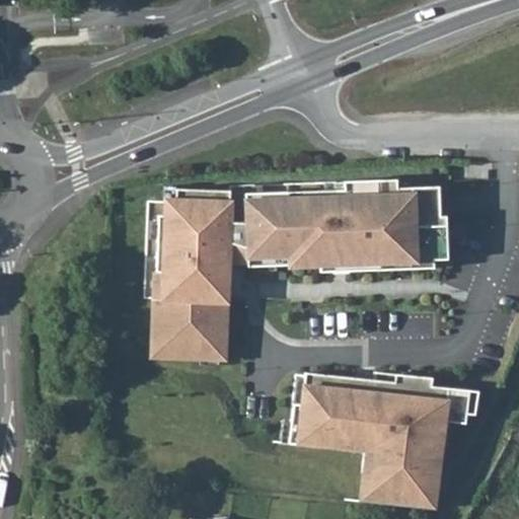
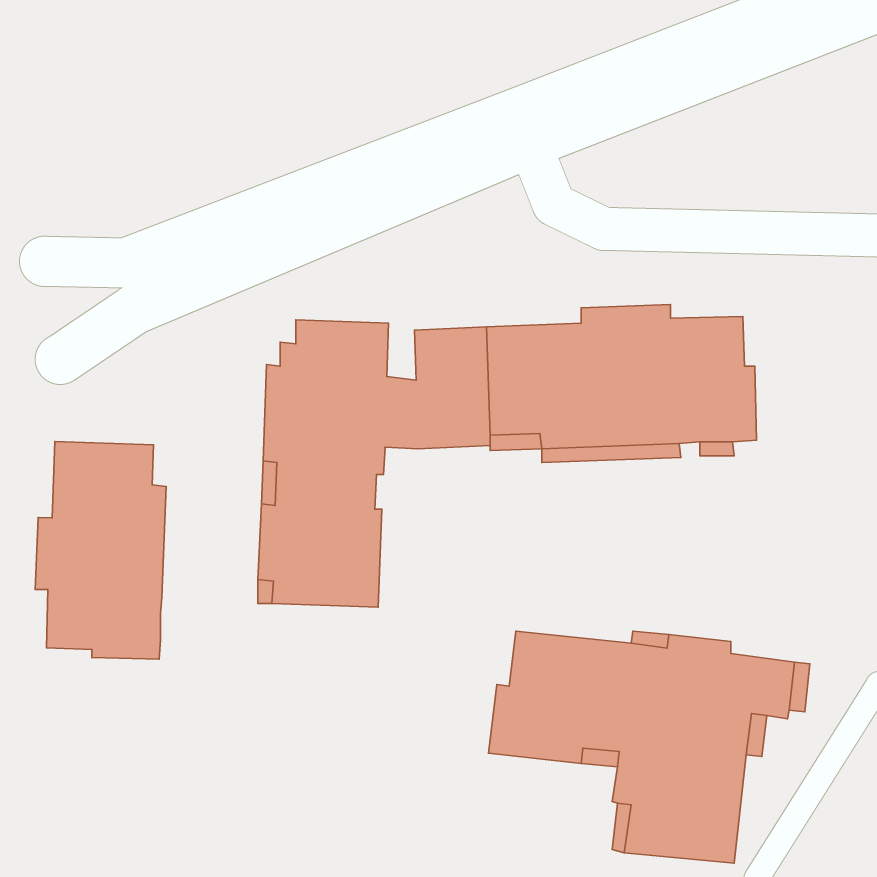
building: none -> [35,442,166,659]

